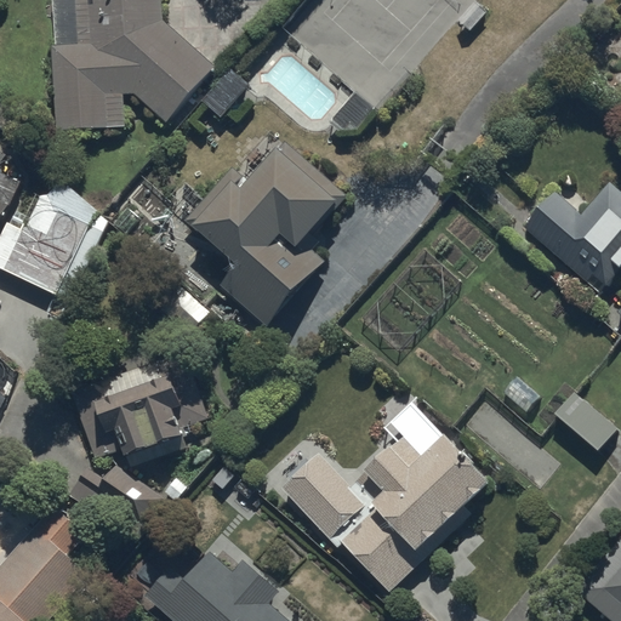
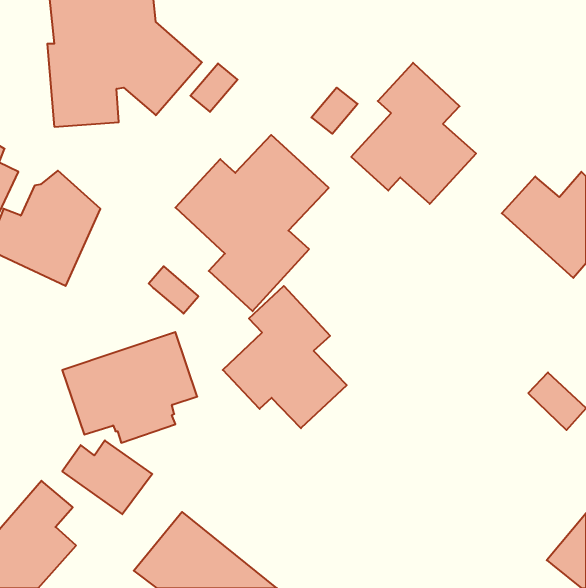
building: none -> [351,63,476,204]
building: none -> [223,286,347,428]
building: [280,431,496,593] -> none

